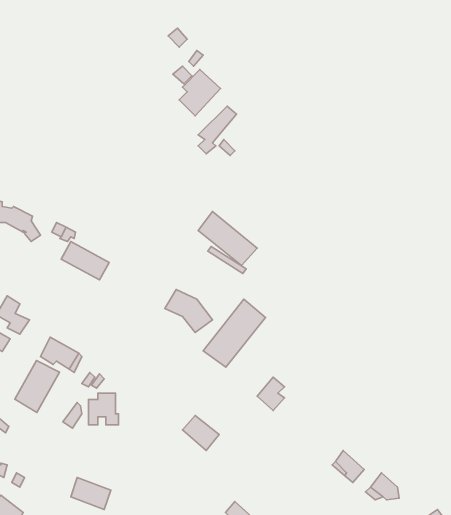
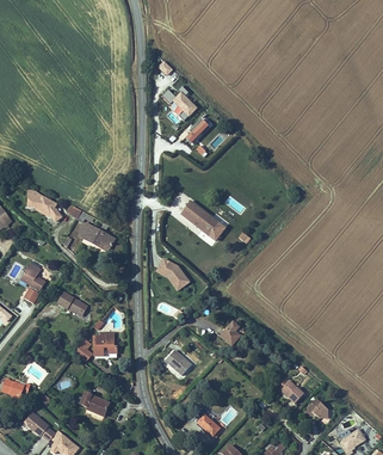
building: [203,299,265,367] -> none
building: [15,361,59,412] -> none

